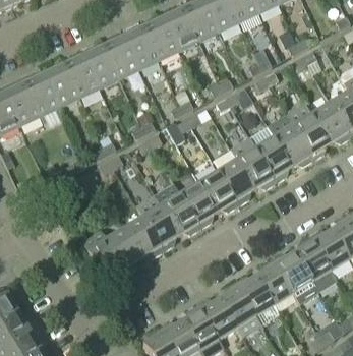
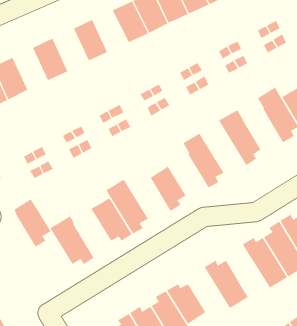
building: [123,27,159,69] -> none
building: [83,46,119,88] -> none
building: [44,65,78,107] -> none
building: [268,115,312,166] -> none
building: [230,137,276,189] -> none
building: [198,171,238,212] -> none
building: [161,194,200,235] -> none
building: [104,225,141,274] -> [14,198,51,248]
building: [256,260,293,305] -> none
building: [219,283,259,336] -> none

